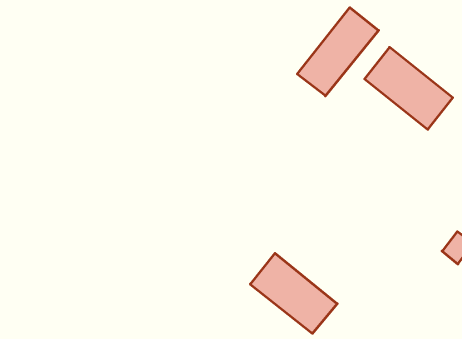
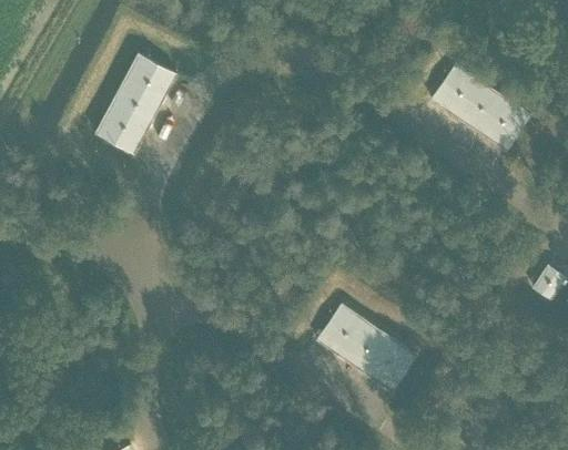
building: [297,8,379,96] -> none
building: none -> [93,53,178,156]

